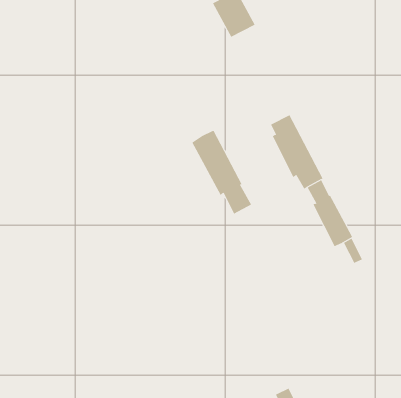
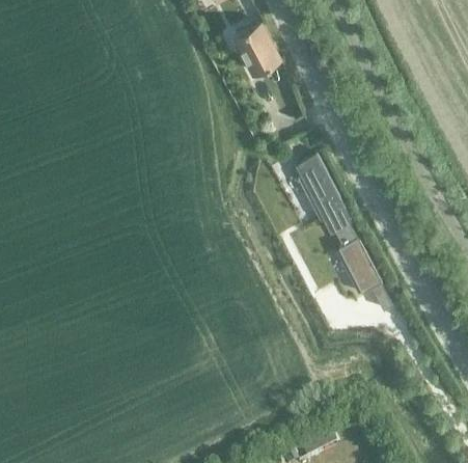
building: [191,130,252,214] -> none

